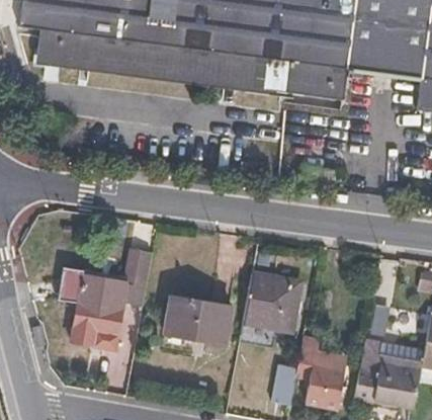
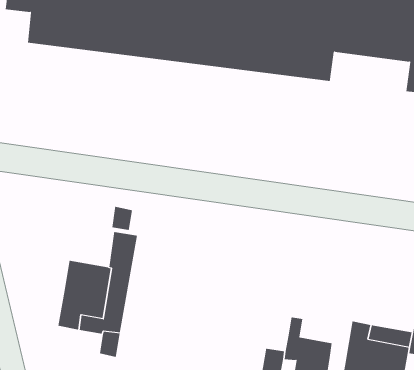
building: [56,265,84,307] -> none
building: [242,275,299,332] -> none
building: [164,297,231,346] -> none

